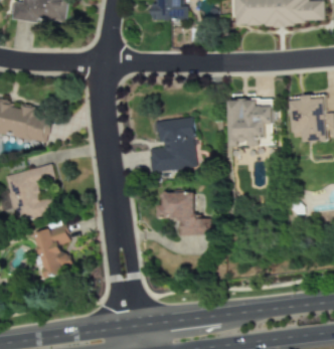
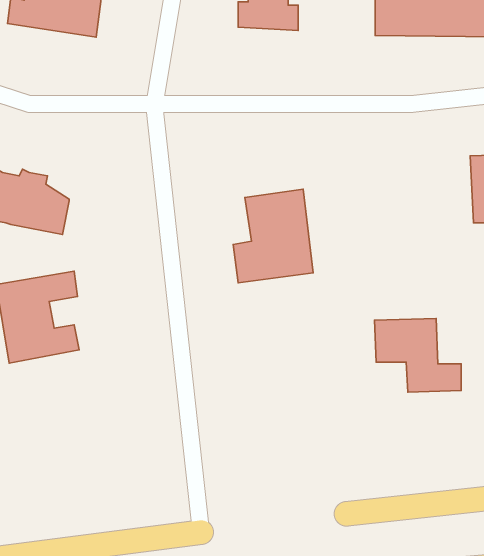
building: [229,99,273,145] -> none
building: [158,191,210,235] -> [374,319,461,392]
building: [34,223,72,277] -> none

